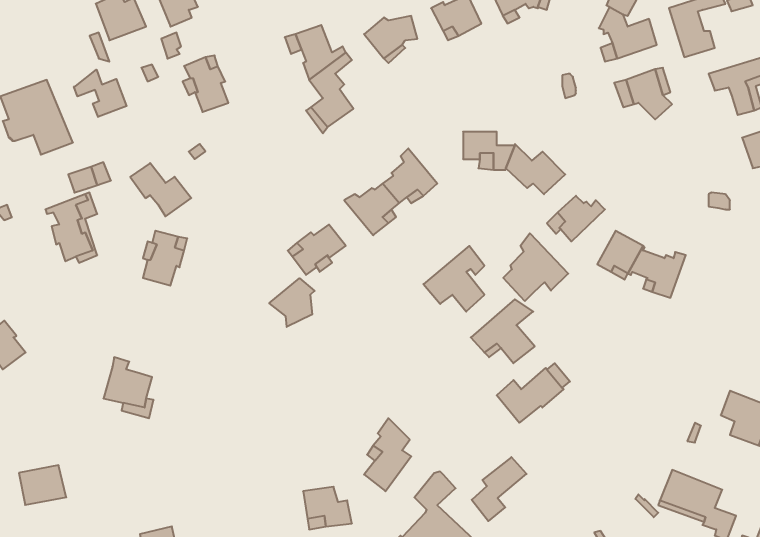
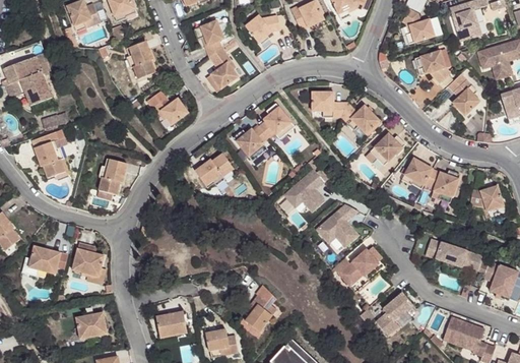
building: [74,70,127,117] -> none
building: none -> [448,74,480,116]
building: [130,163,191,216] -> [148,89,189,125]
building: [503,233,568,301] -> none
building: none -> [470,186,504,211]
building: [269,278,315,327] -> none
building: none -> [426,240,483,273]
building: none -> [22,245,61,275]
building: [472,457,527,521] -> [376,294,412,337]
building: none -> [156,311,187,337]
building: [19,465,66,505] -> [76,312,108,339]

